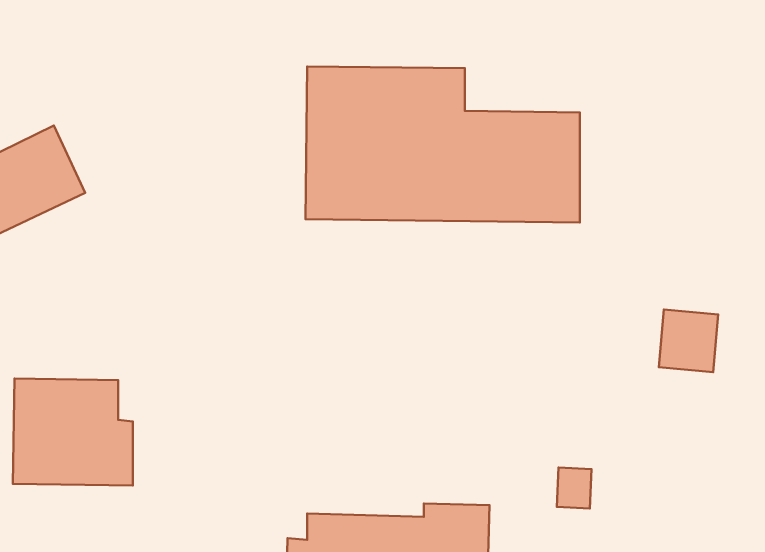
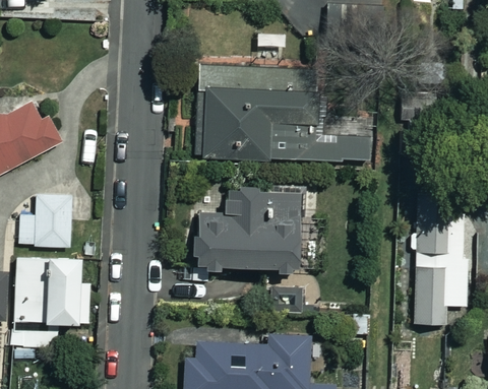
building: none -> [197,188,303,270]
building: none -> [19,195,72,247]
building: none -> [415,267,466,325]

